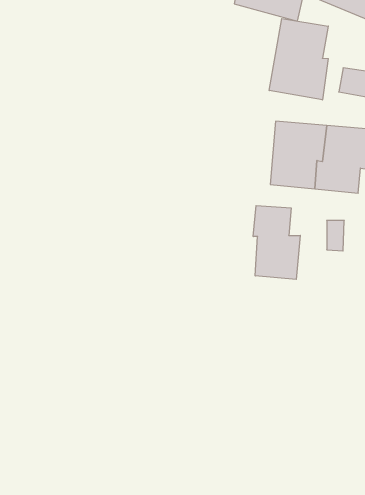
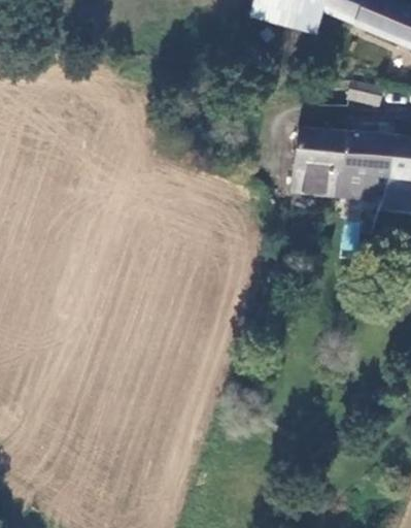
building: [269,19,328,100] -> none
building: [253,206,300,279] -> none

